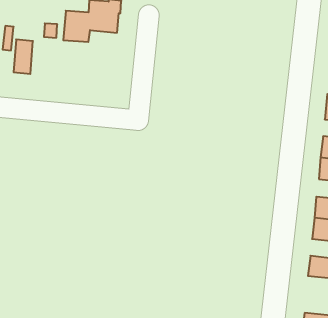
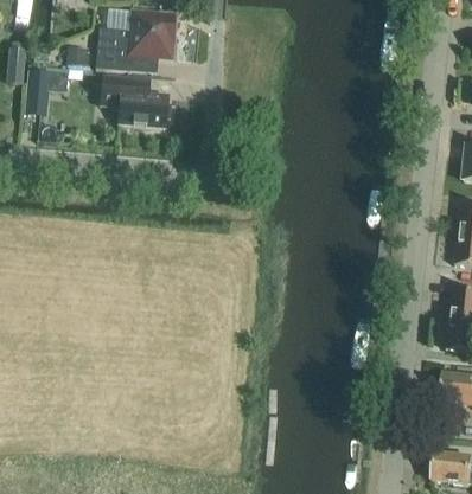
building: none -> [98,75,166,126]

